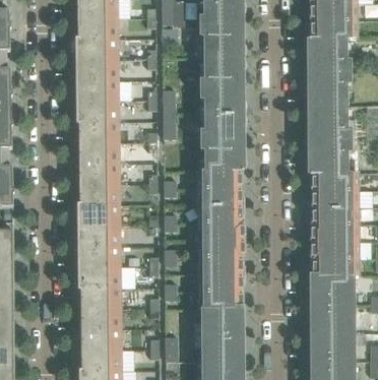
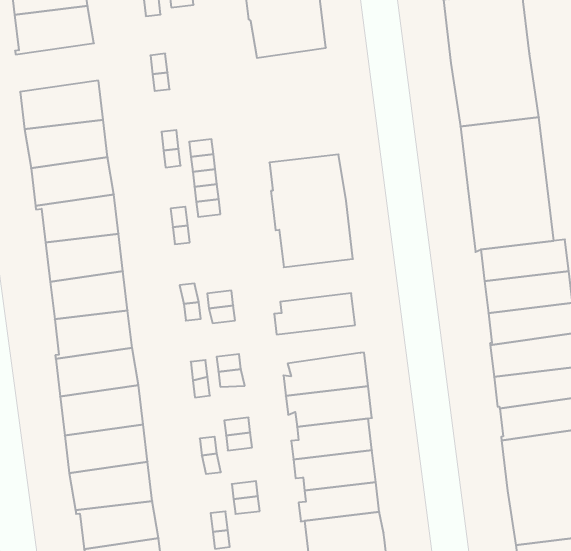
building: [75,39,118,60] -> none
building: [203,56,242,114] -> none
building: [197,171,240,189] -> none
building: [197,206,241,223] -> none

